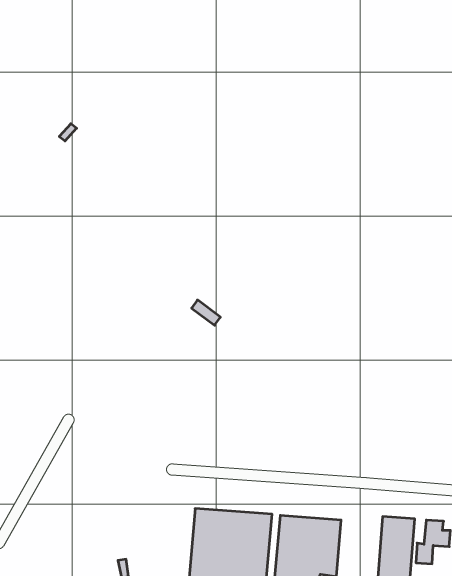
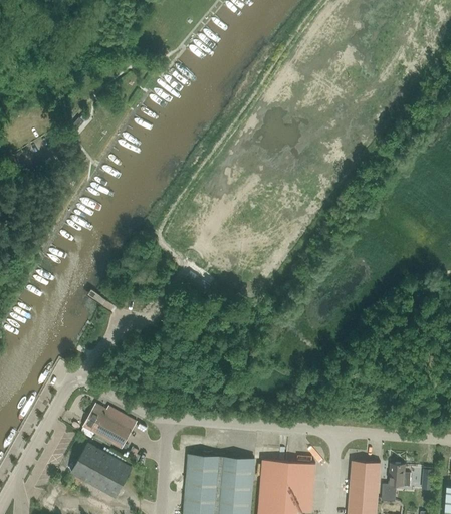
building: none -> [80,404,135,448]
building: none -> [71,443,132,497]

